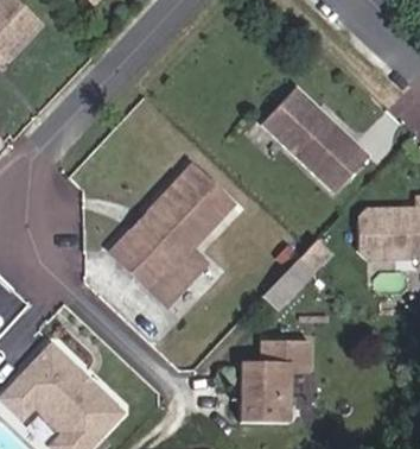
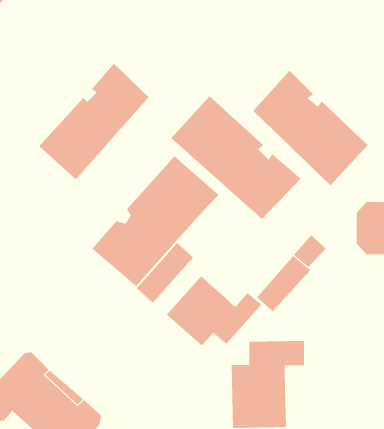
building: none -> [39,63,150,180]
building: none -> [170,96,302,220]
building: none -> [166,275,262,347]

